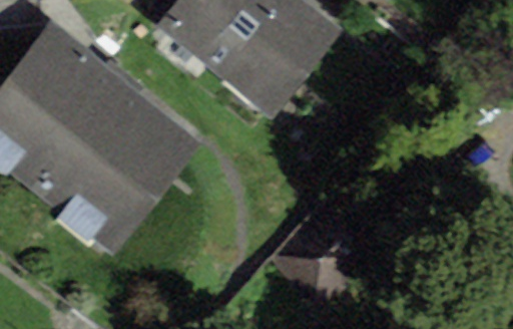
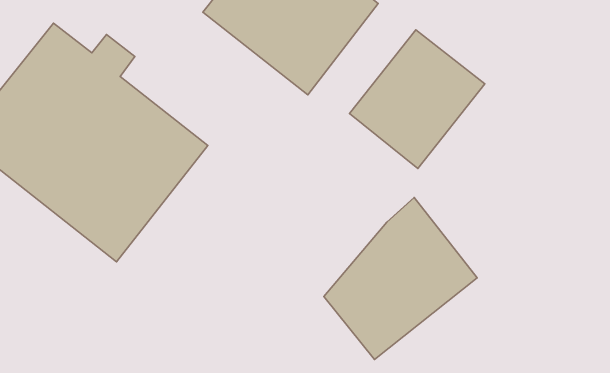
building: none -> [350,30,485,169]

